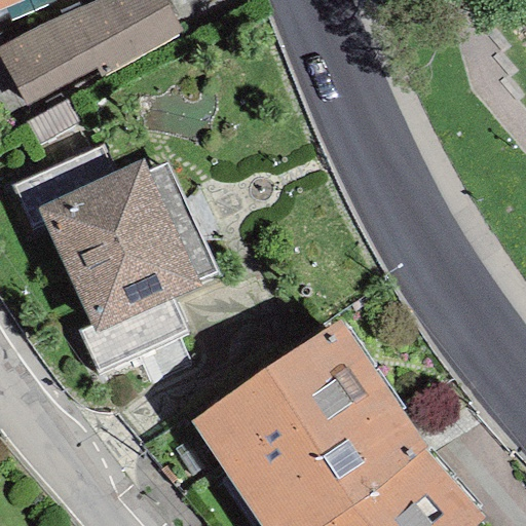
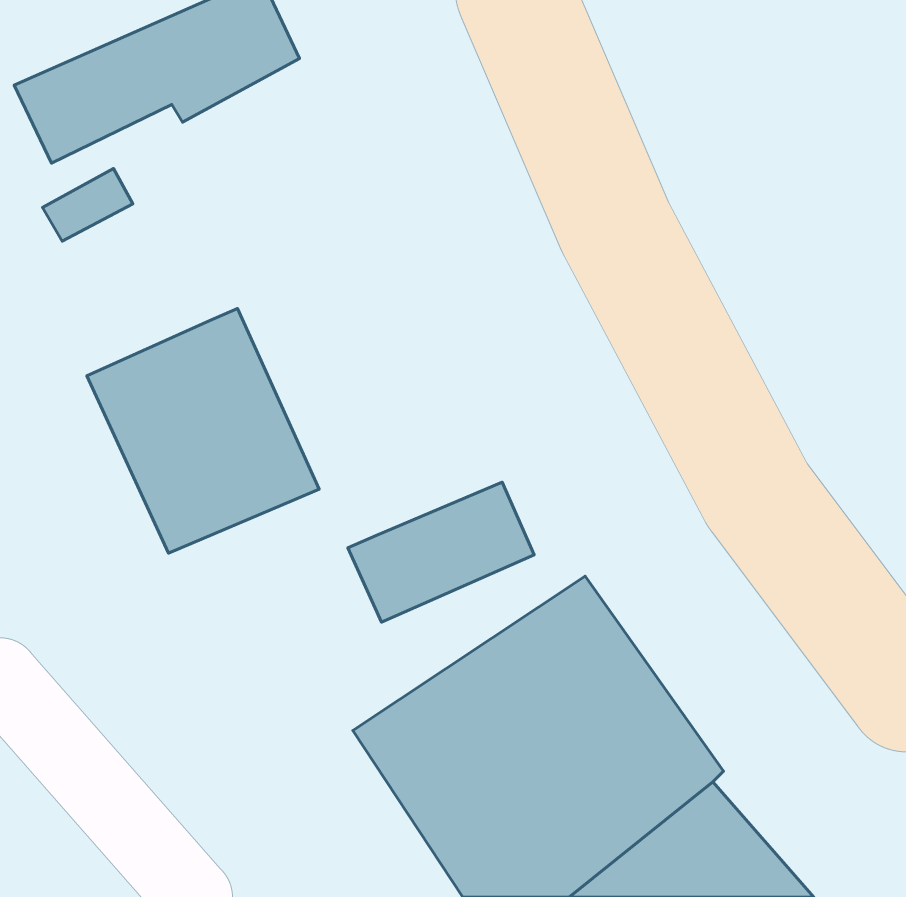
building: [16,149,121,225] -> none
building: [81,290,189,371] -> [348,482,534,622]

